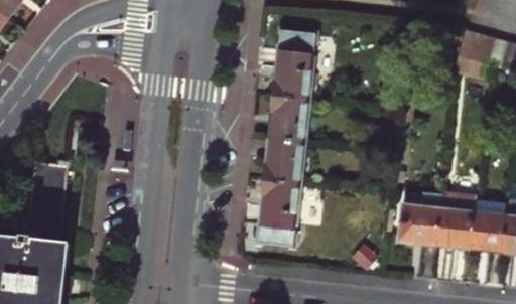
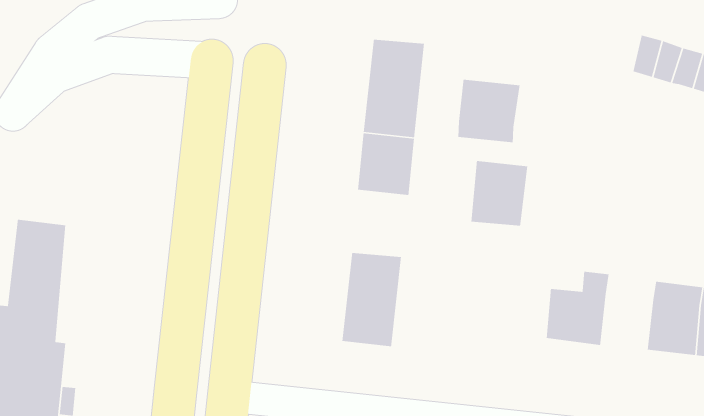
building: none -> [457,79,521,143]
building: [264,139,304,185] -> [470,160,528,226]
building: [438,196,477,251] -> none

